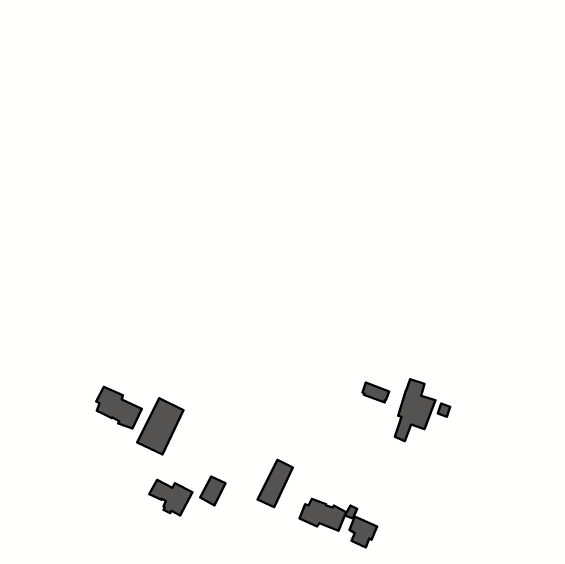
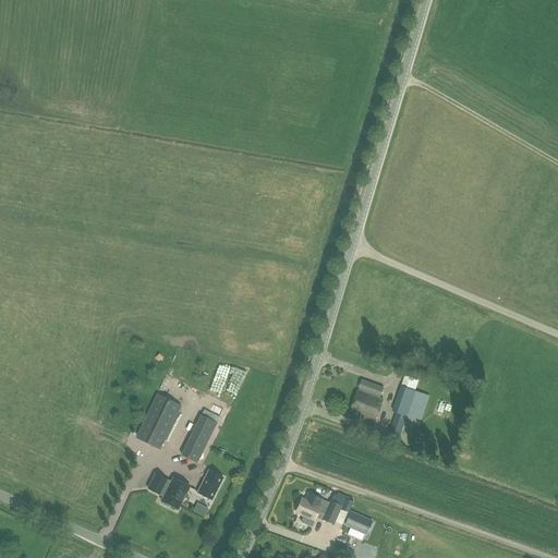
building: [96,387,142,428] -> none
building: none -> [350,389,381,418]
building: [257,460,293,507] -> [181,414,216,461]

